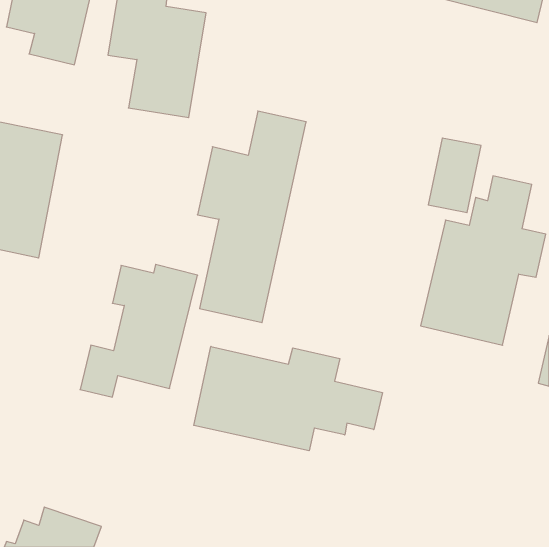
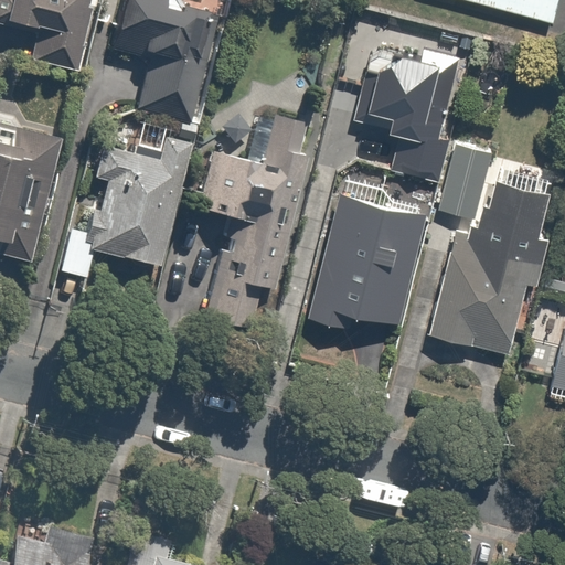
building: none -> [367,43,461,180]
building: none -> [311,192,431,327]
building: [80,264,198,397] -> [57,142,178,278]
building: [194,346,382,451] -> none

